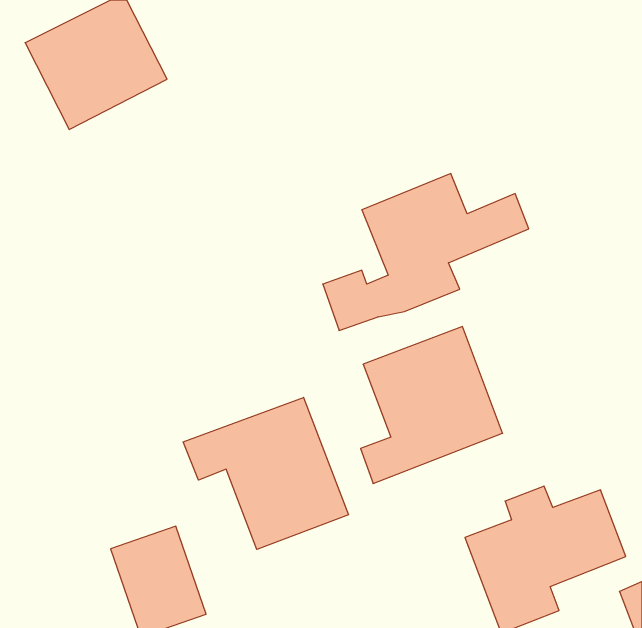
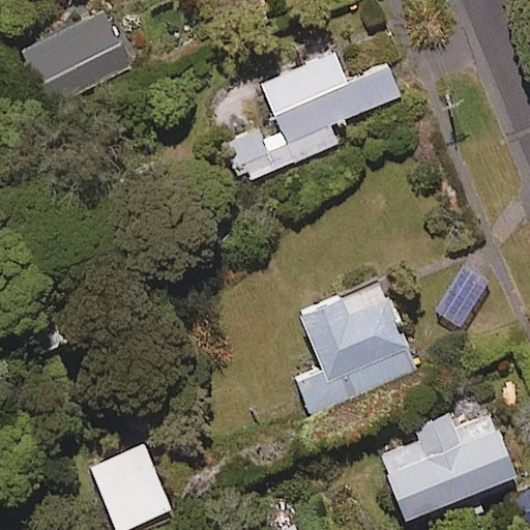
building: [323,174,529,331] -> [229,52,399,181]
building: [183,397,348,549] -> none

